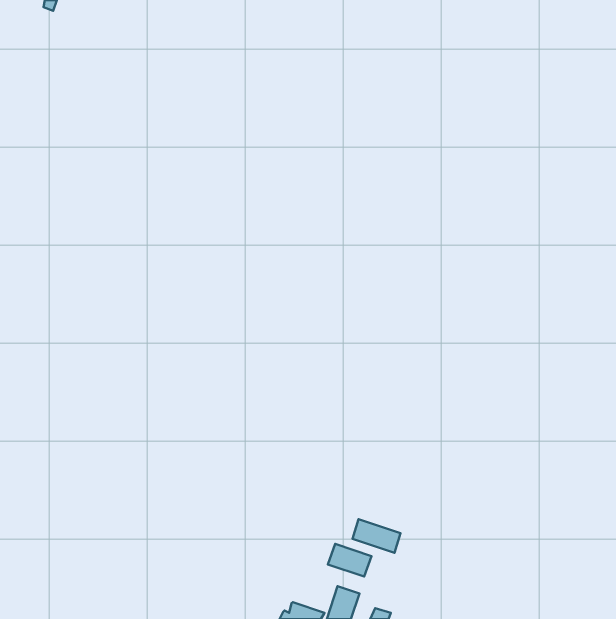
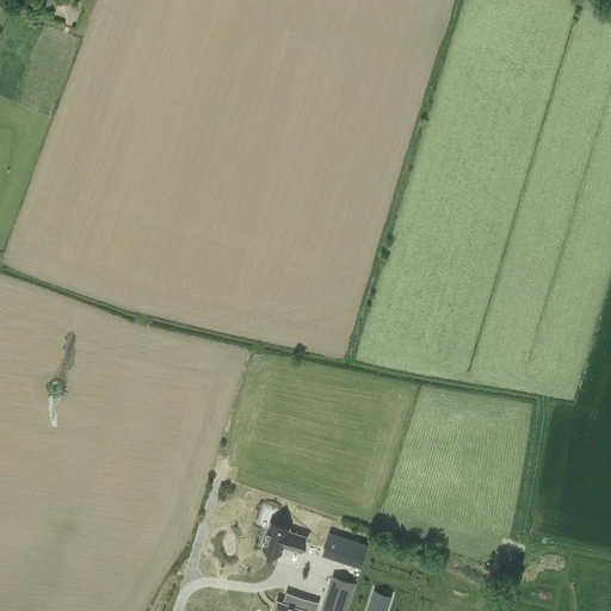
building: [352,519,401,553] -> none
building: none -> [265,525,304,556]

